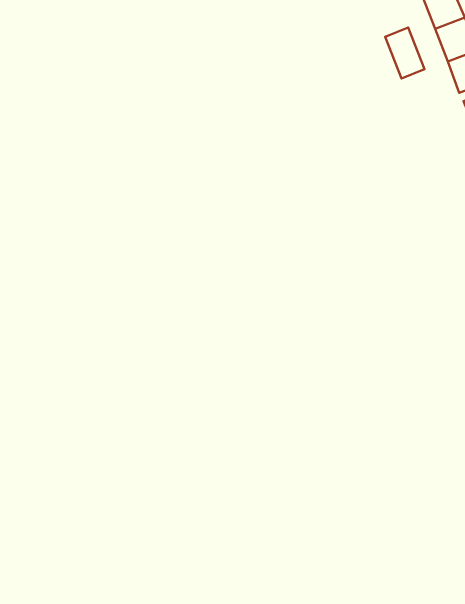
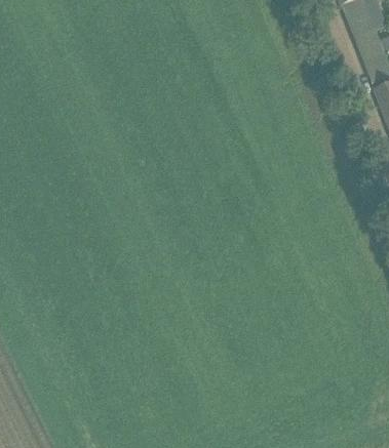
building: [385,27,424,78] -> none

